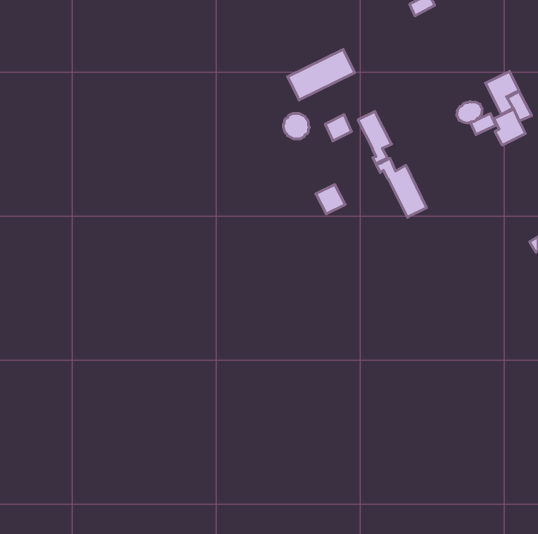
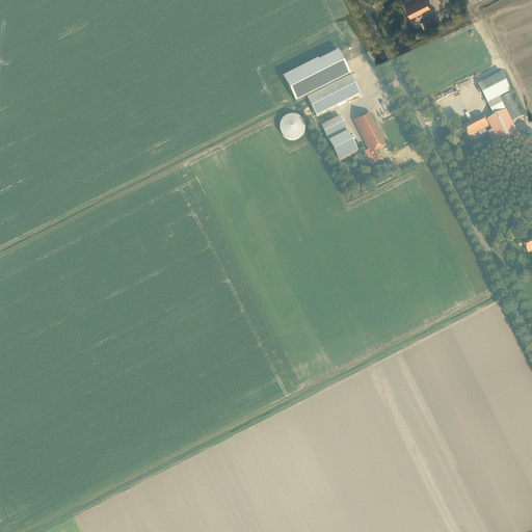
building: none -> [308,74,361,114]
building: [457,101,482,123] -> none
building: [376,158,426,217] -> none
building: [316,185,345,214] -> [328,130,357,159]

